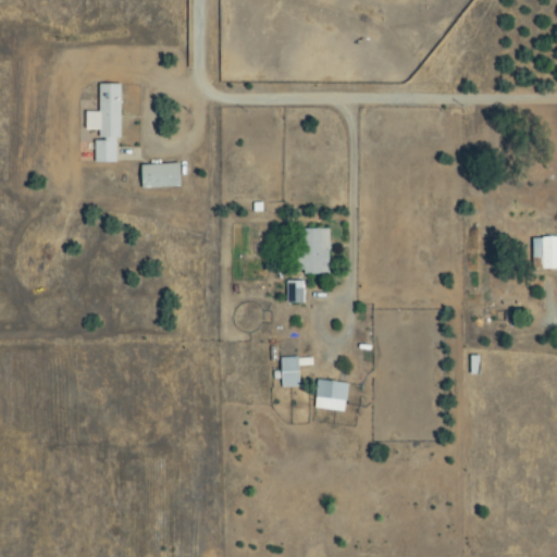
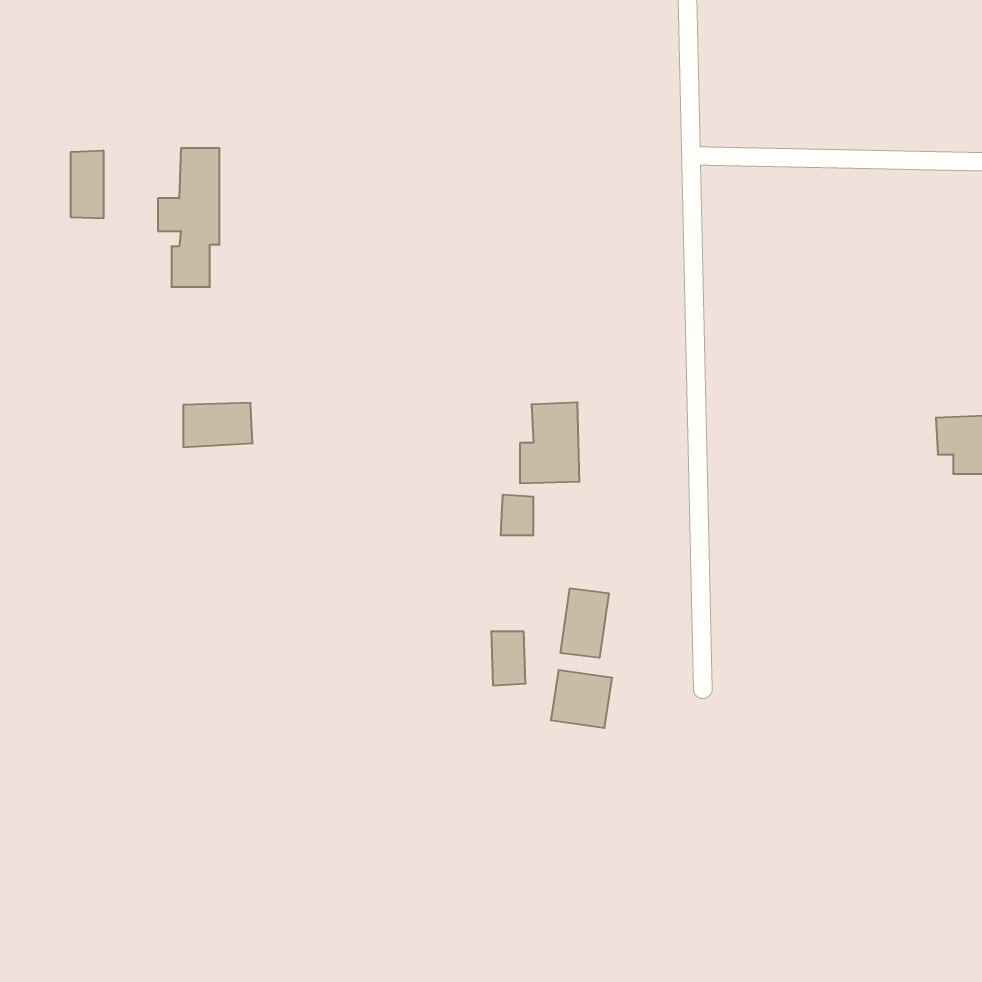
building: none -> [71,150,103,218]
building: [146,163,185,188] -> [183,403,253,447]
building: none -> [561,588,609,658]

